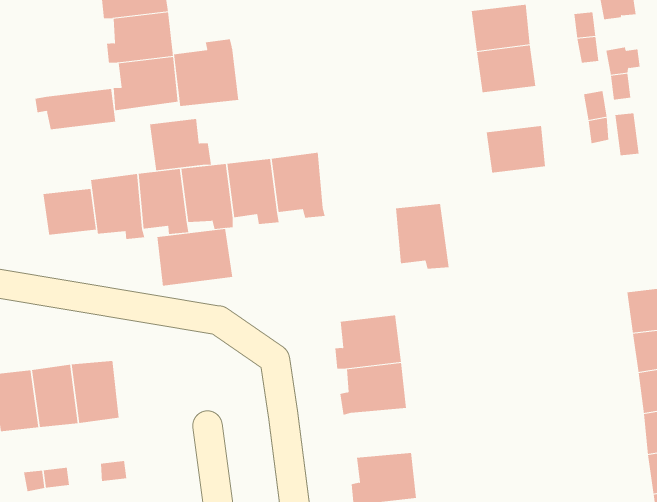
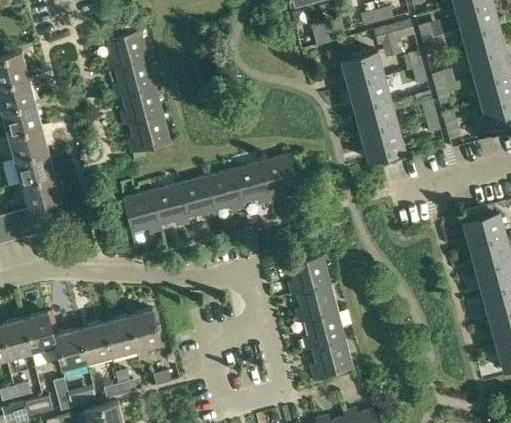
building: [174,39,239,107] -> none
building: none -> [357,102,397,135]
building: [35,88,116,130] -> none
building: [150,118,211,171] -> none
building: [43,188,97,236] -> none
building: [395,203,450,269] -> [261,155,300,197]
building: [157,228,233,287] -> none
building: none -> [303,313,345,350]

